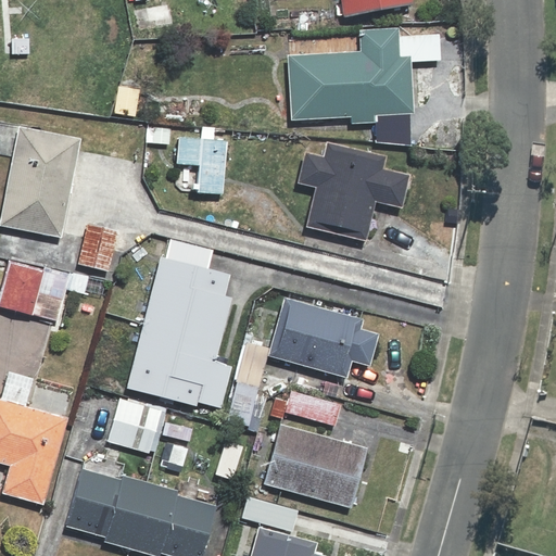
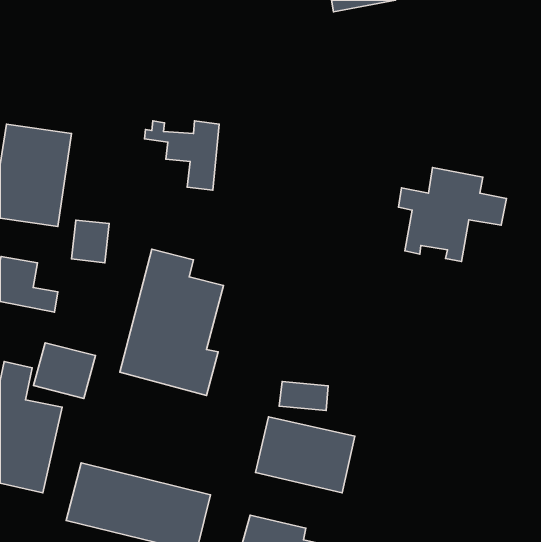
building: [289,30,415,144] -> none
building: [295,146,405,241] -> [398,167,506,262]
building: [269,298,376,374] -> none
building: [106,400,169,456] -> [33,343,96,398]

